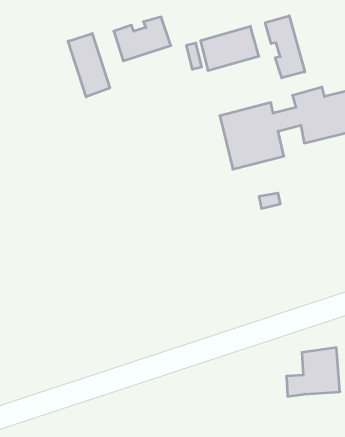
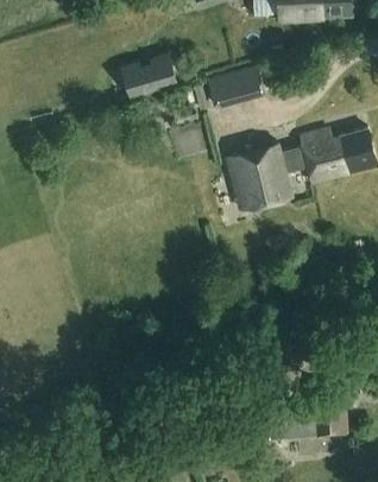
building: [265,16,305,78] -> none
building: [68,33,110,97] -> none

